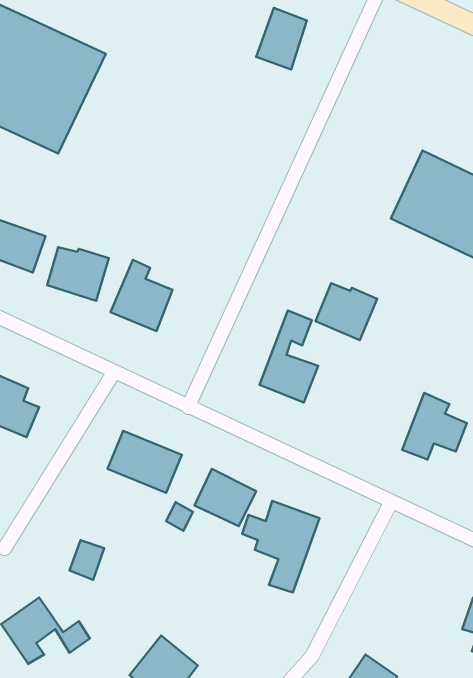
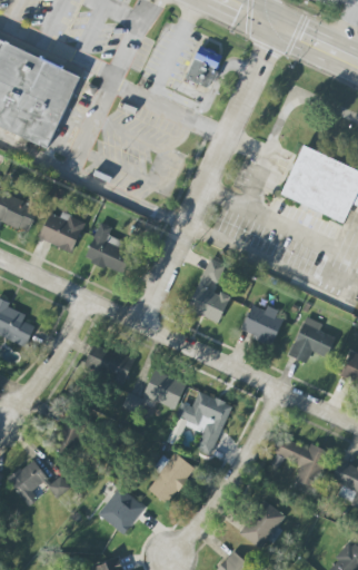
building: [315,283,377,340] -> [241,304,285,344]
building: none -> [275,436,331,488]
building: none -> [148,452,195,504]

